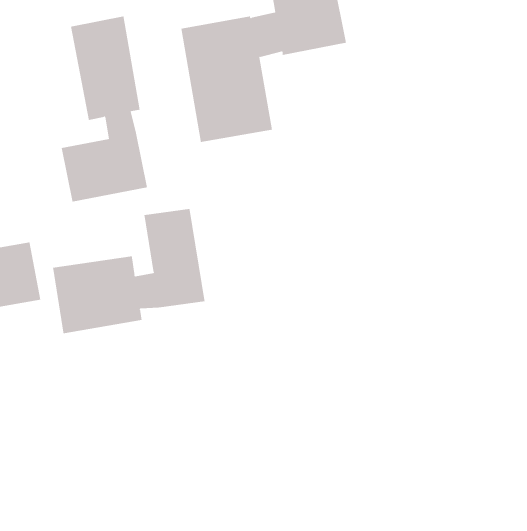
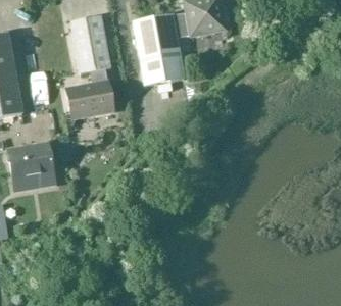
building: [53,208,205,334] -> none

